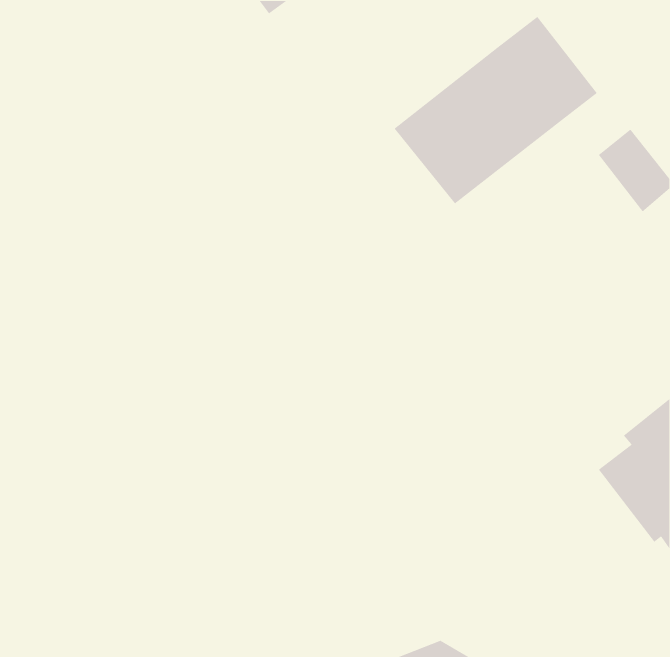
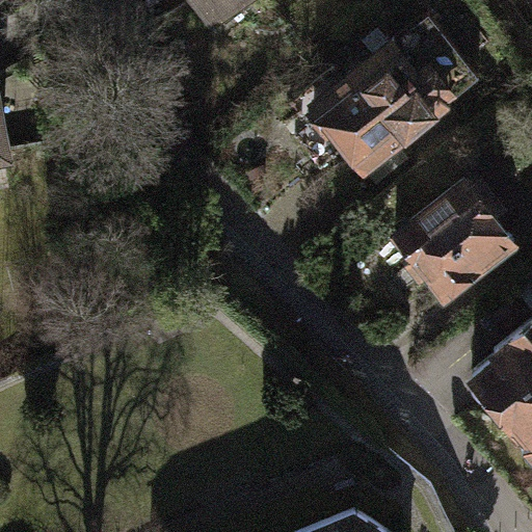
building: none -> [395,189,511,303]

